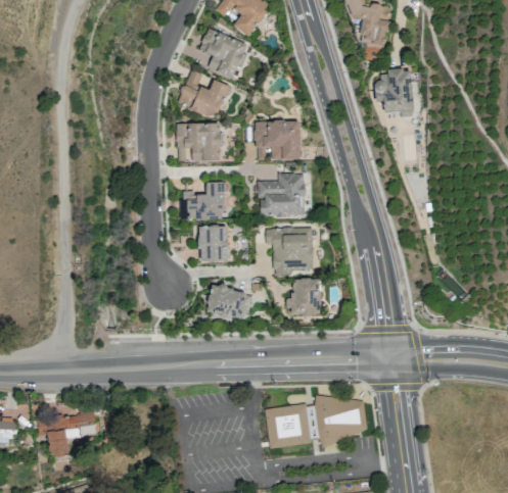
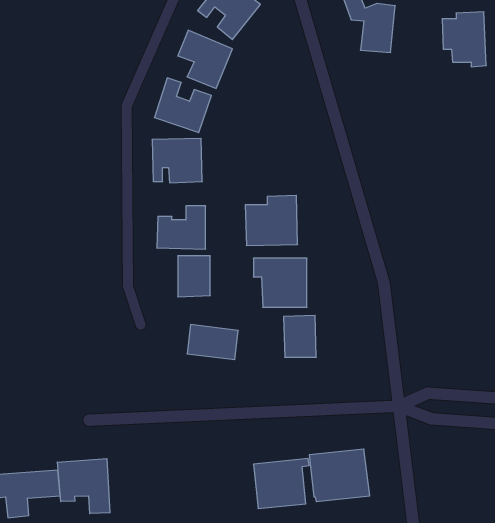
building: [375,68,414,116] -> [442,12,486,67]
building: [256,120,301,159] -> none
building: none -> [57,459,110,514]

